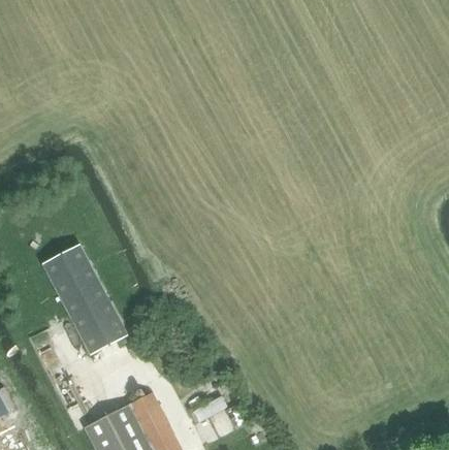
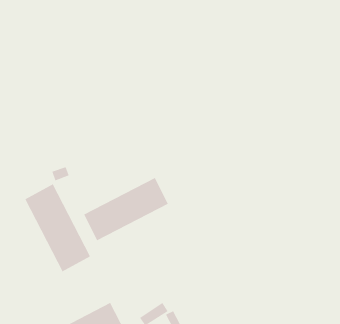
building: none -> [84,177,168,241]

